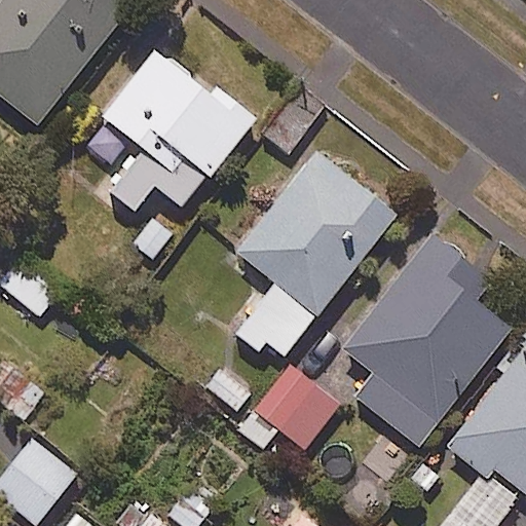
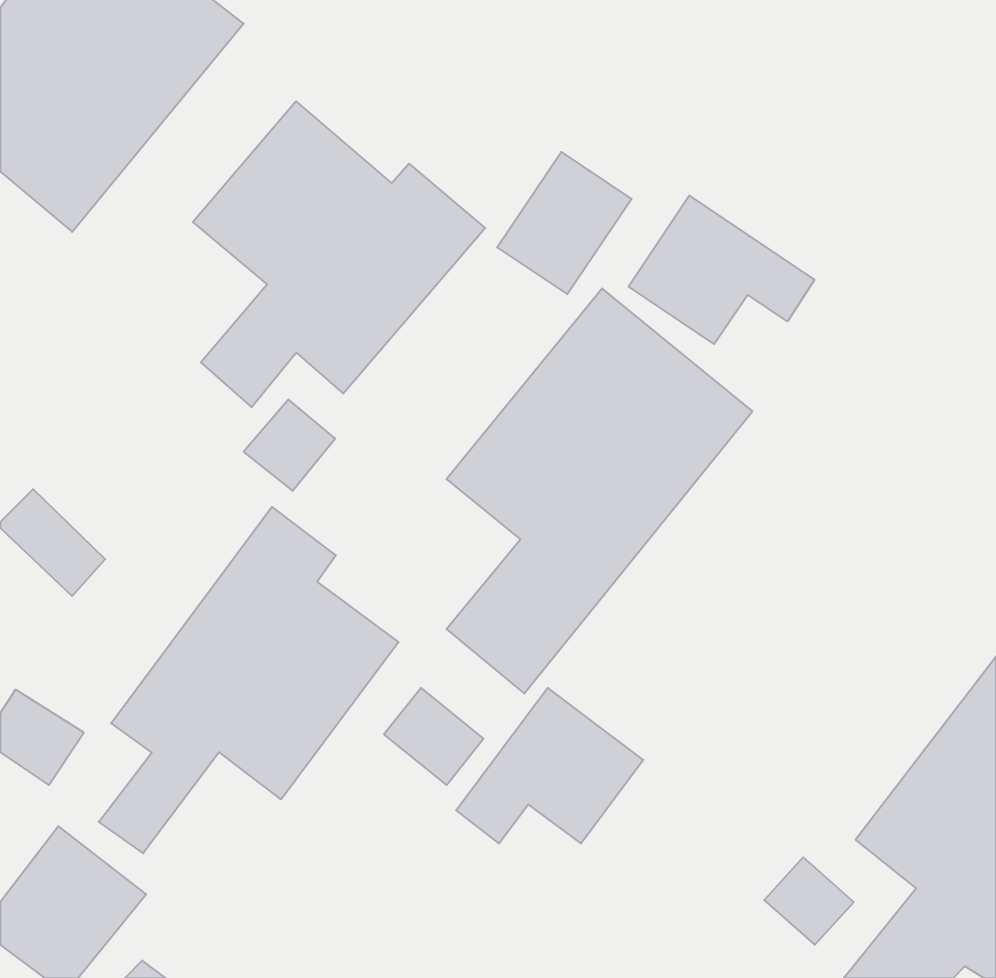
building: none -> [629,195,815,344]
building: [344,233,510,445] -> none
building: none -> [99,507,399,853]

